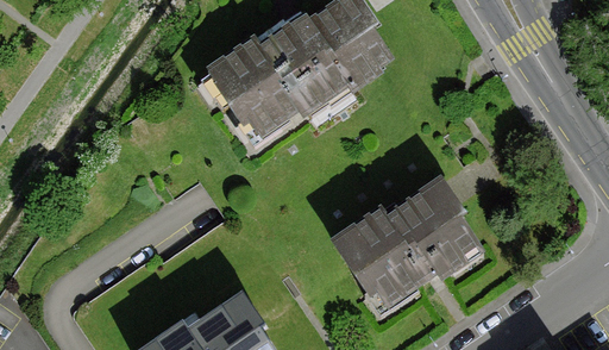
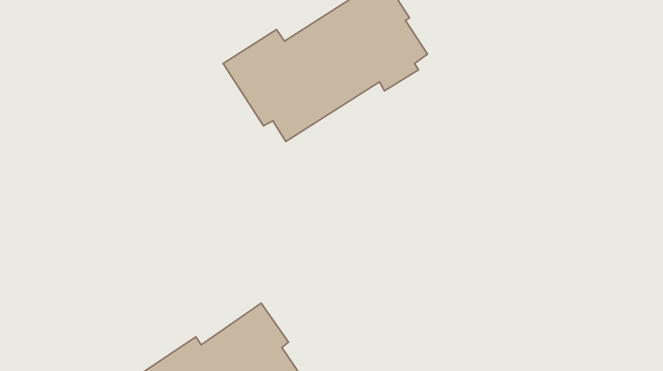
building: [328,176,483,307] -> none

